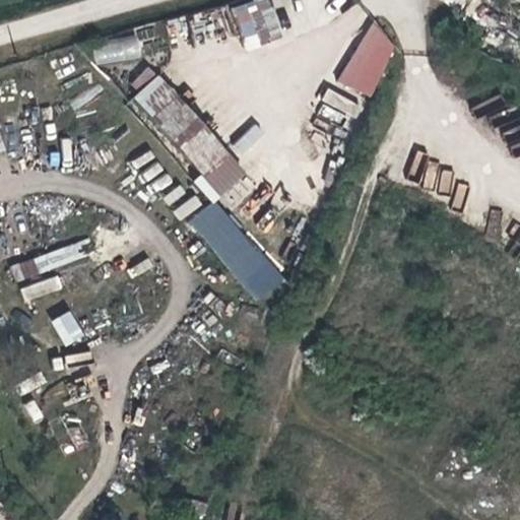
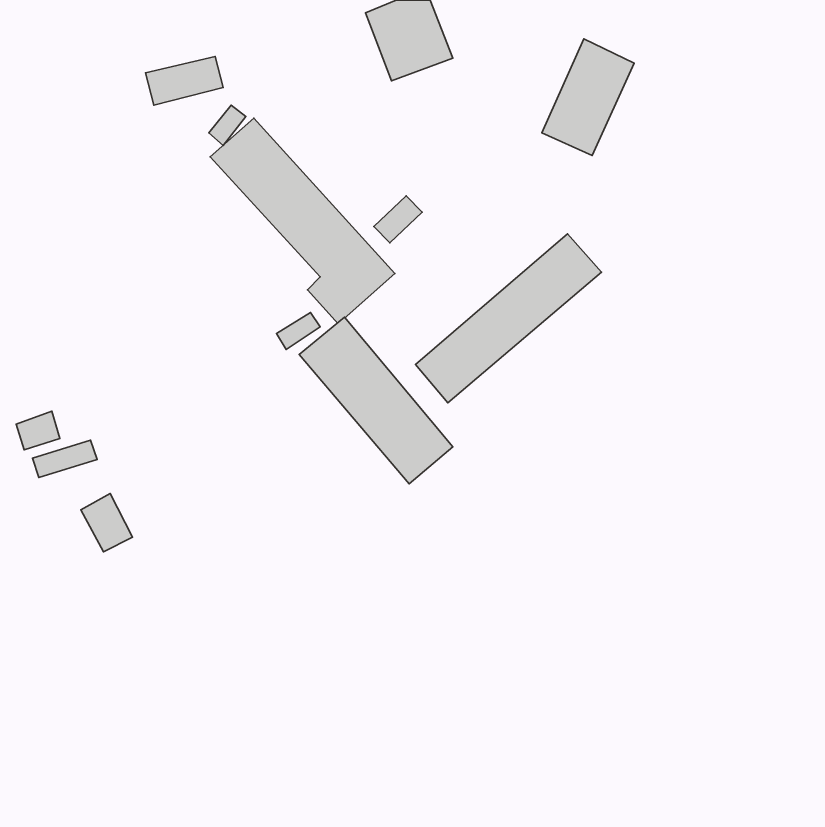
building: none -> [415,234,601,403]

